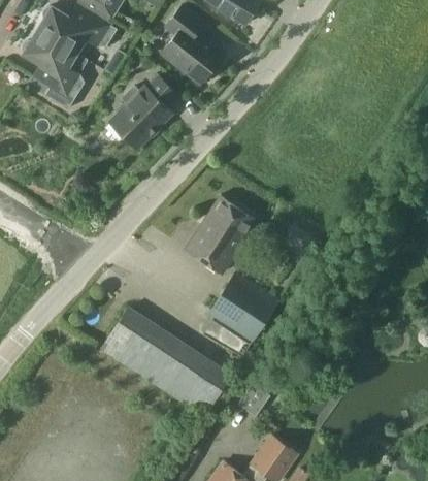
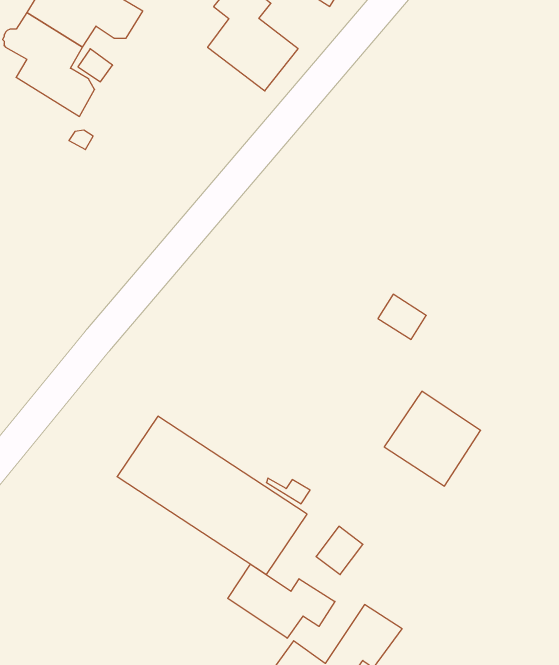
building: [109,77,177,151] -> none
building: [186,197,254,271] -> none
building: [209,275,275,340] -> [384,391,481,486]
building: none -> [228,564,335,638]

